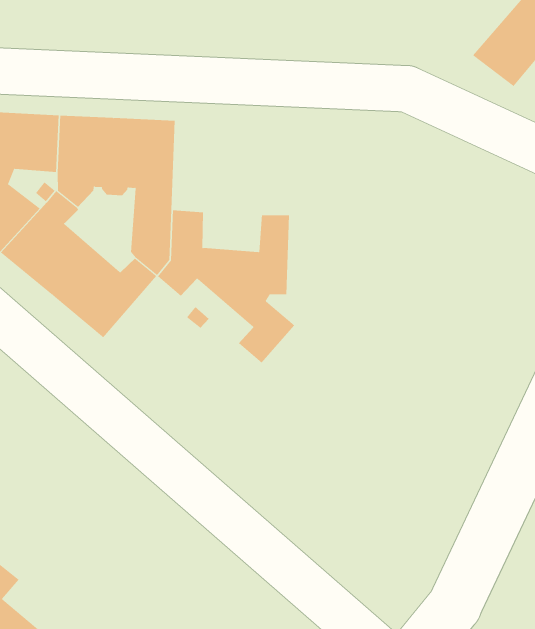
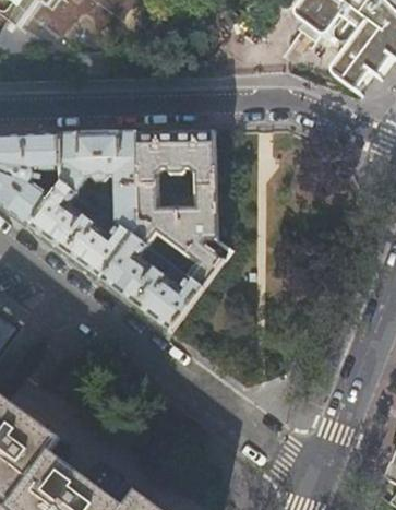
building: none -> [137,129,216,189]
building: none -> [101,233,205,329]

